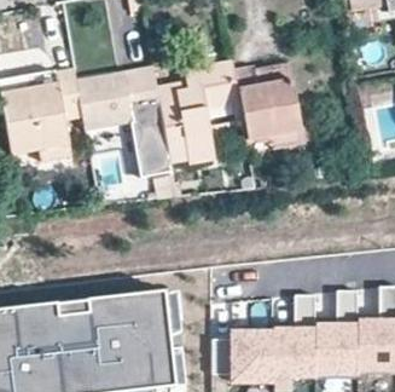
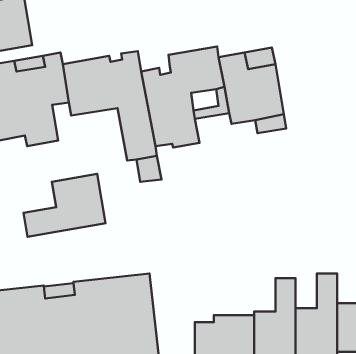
building: none -> [23,174,106,237]

